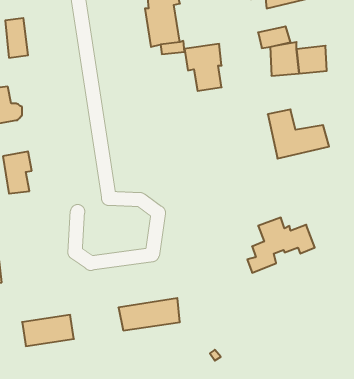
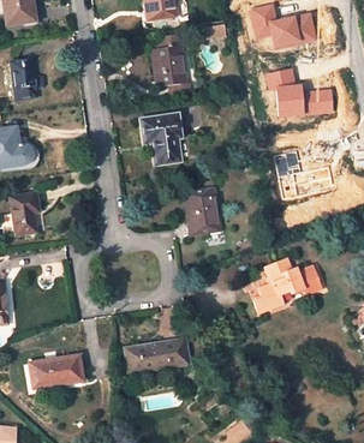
building: [184,44,222,91] -> [142,115,179,162]
building: none -> [184,188,219,234]

